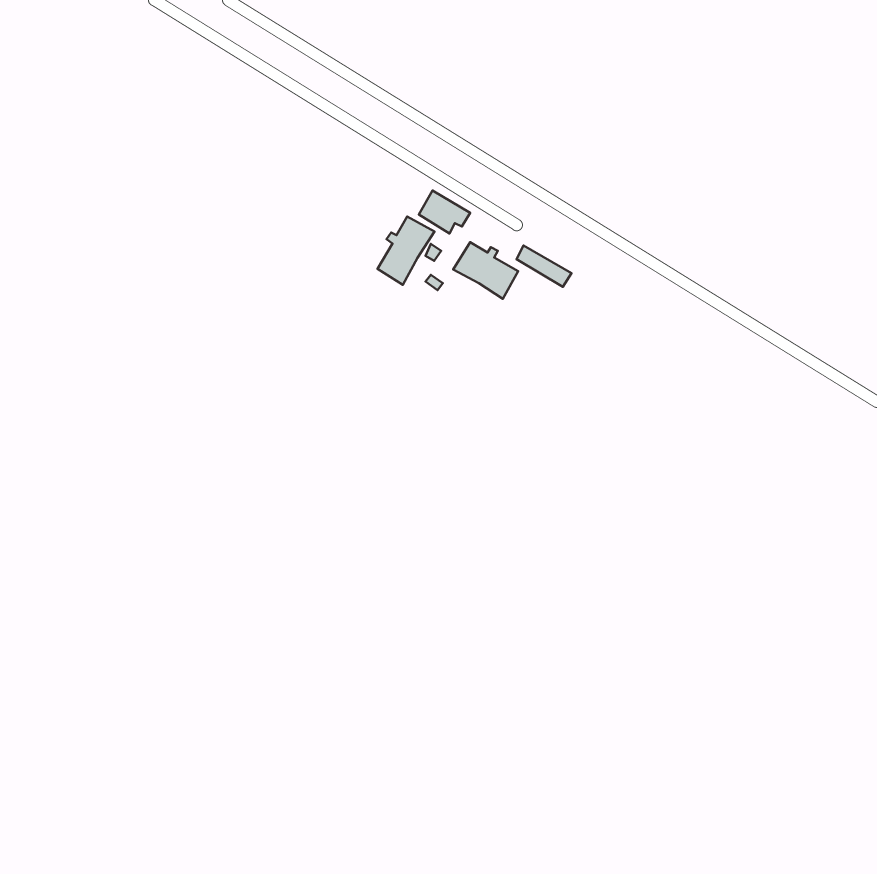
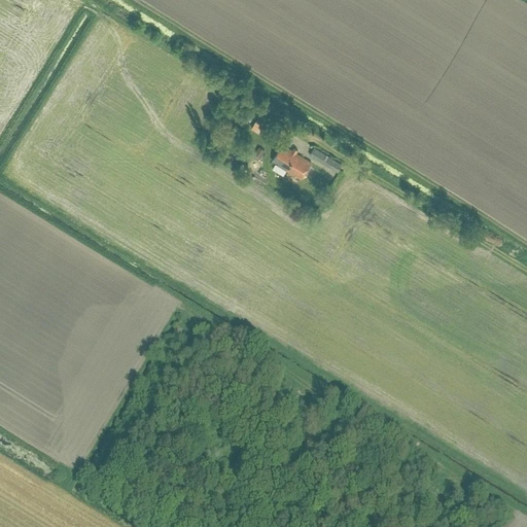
building: [377,217,434,285] -> none

